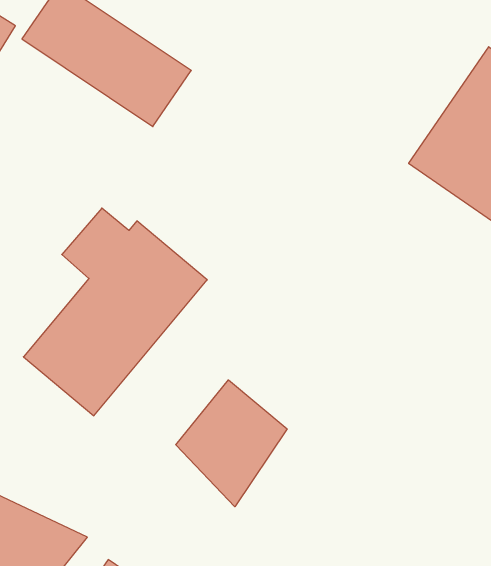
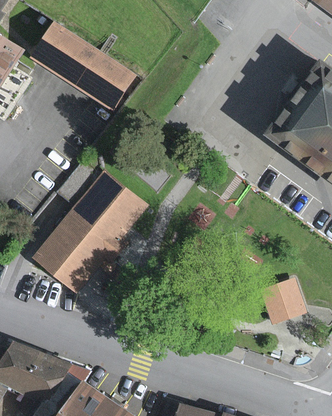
building: [176,380,287,507] -> none
building: none -> [260,277,306,325]

